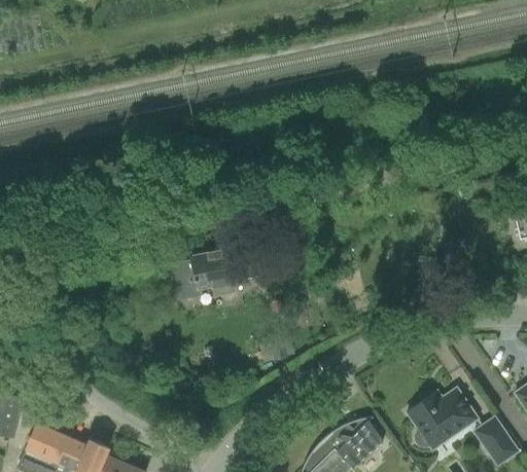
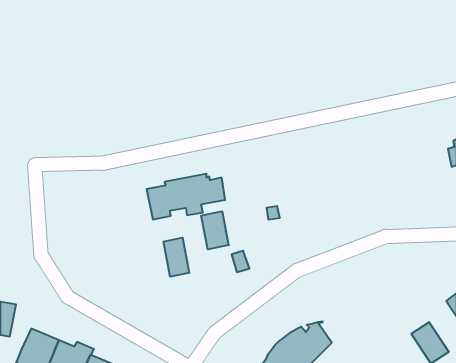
building: none -> [201,211,229,249]
building: none -> [164,238,189,277]
building: [407,388,478,449] -> none

